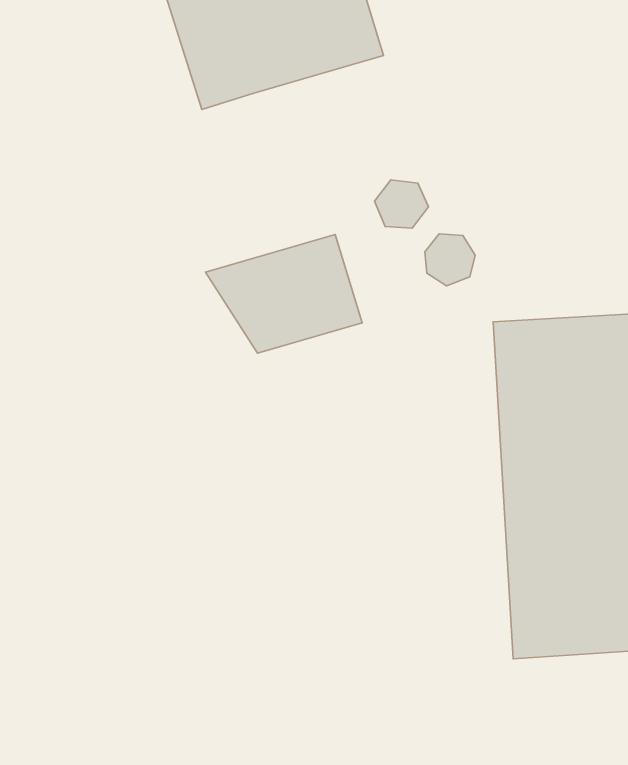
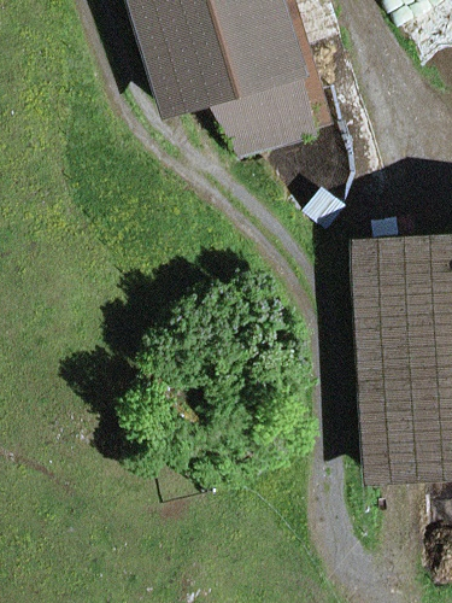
building: [205,234,362,353] -> [198,71,303,151]

